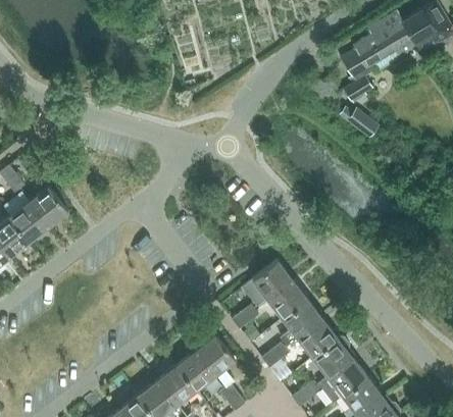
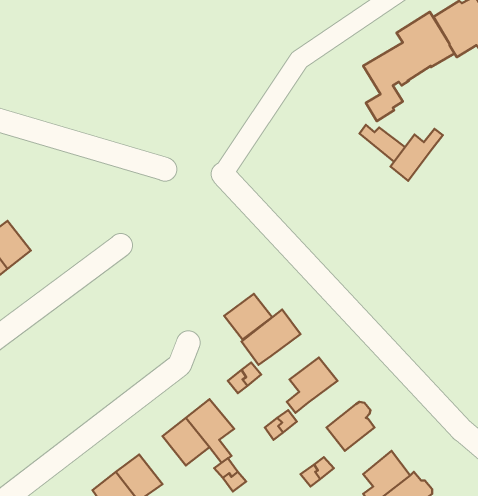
building: none -> [390,129,443,181]
building: [266,280,306,318] -> [224,294,272,339]
building: [297,319,337,358] -> none
building: [317,358,366,404] -> none
building: [157,365,196,405] -> none

